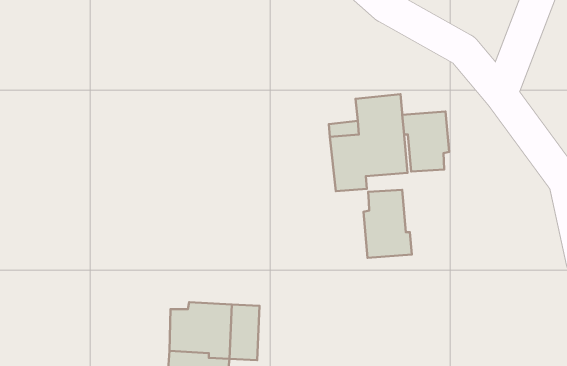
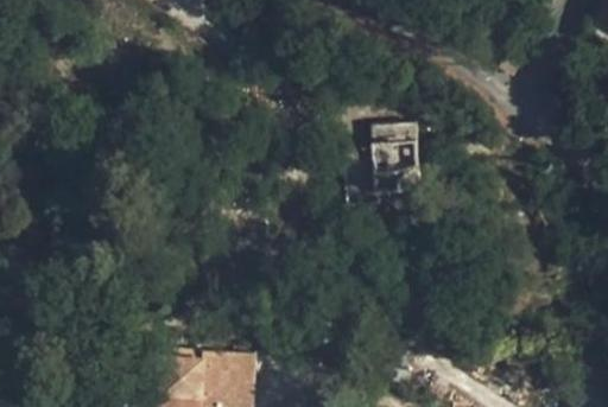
building: [402,112,449,171] -> none
building: [364,190,412,258] -> none

